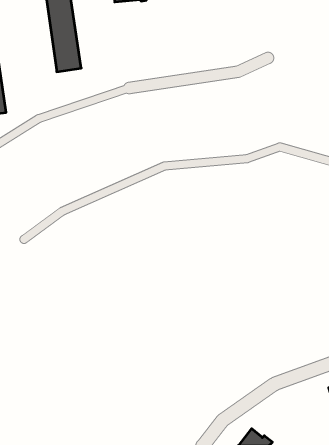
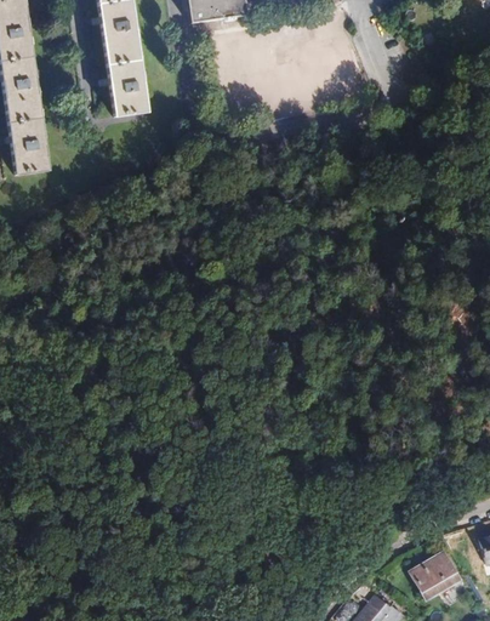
building: none -> [409,552,455,596]

